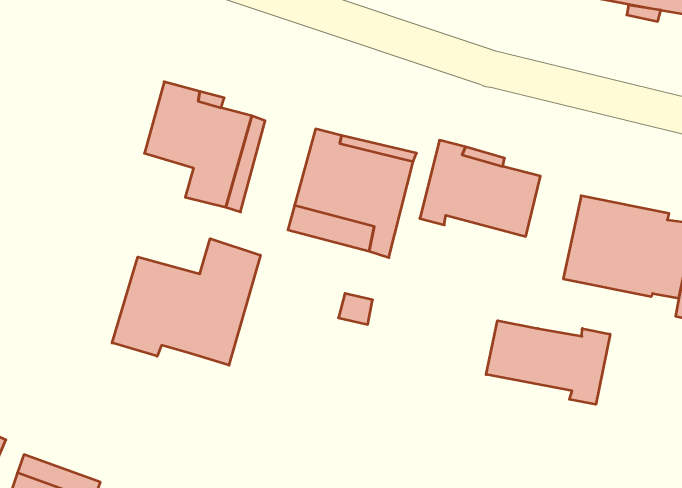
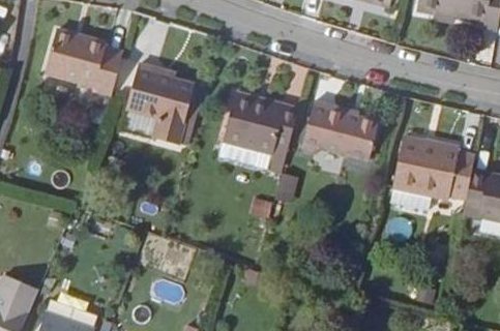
building: none -> [45,29,123,95]
building: [112,239,260,365] -> none
building: [486,321,610,404] -> none

